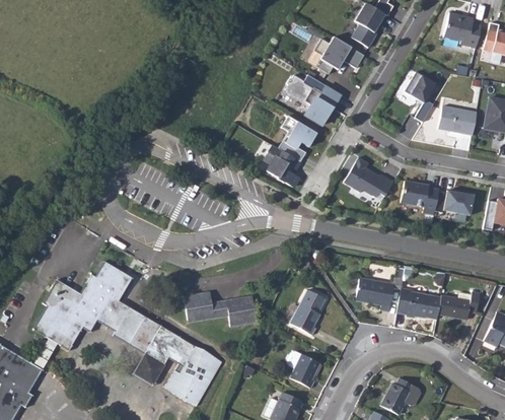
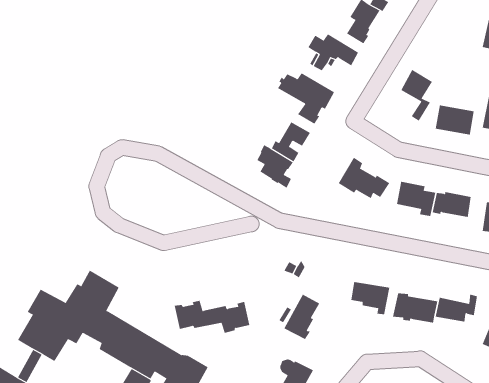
building: [444,12,483,48] -> none

